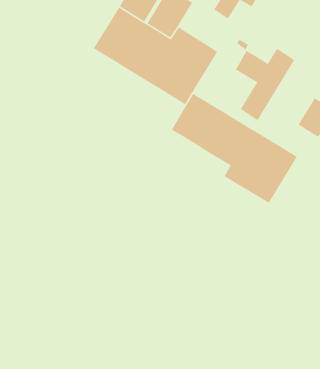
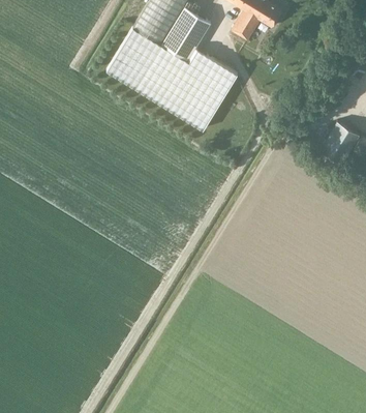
building: [235,48,295,121] -> none
building: [171,93,298,204] -> none

